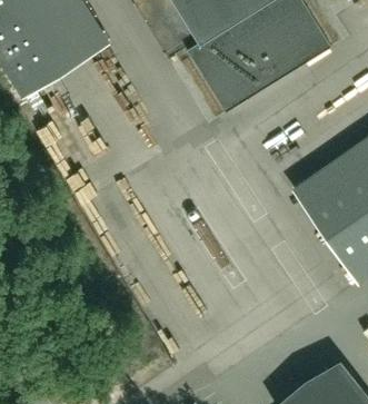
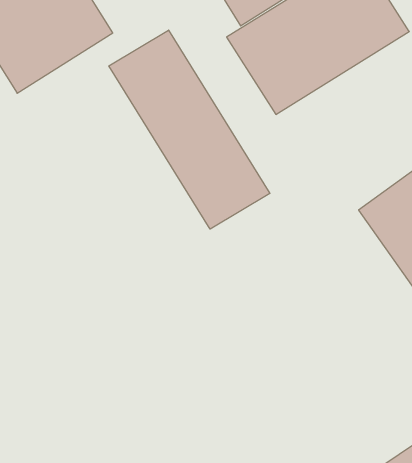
building: none -> [109,30,270,229]

